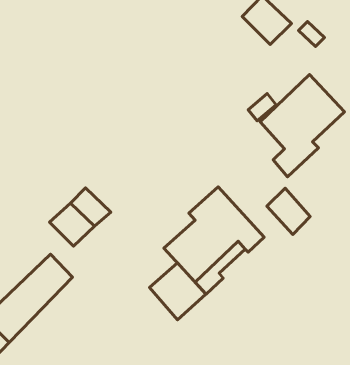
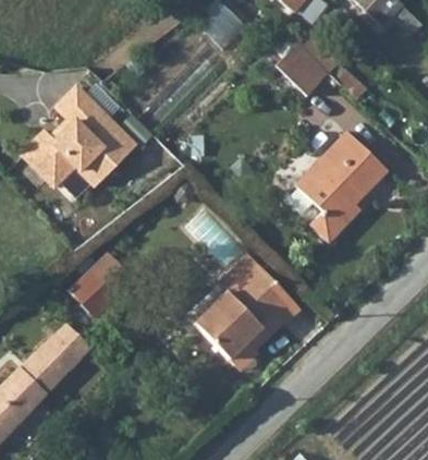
building: none -> [20,84,134,184]
building: [267,188,310,235] -> none
building: [149,263,206,320] -> none

